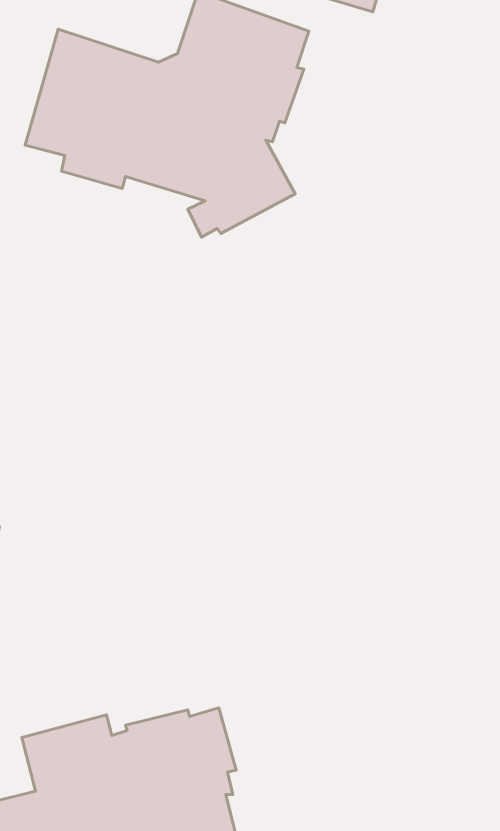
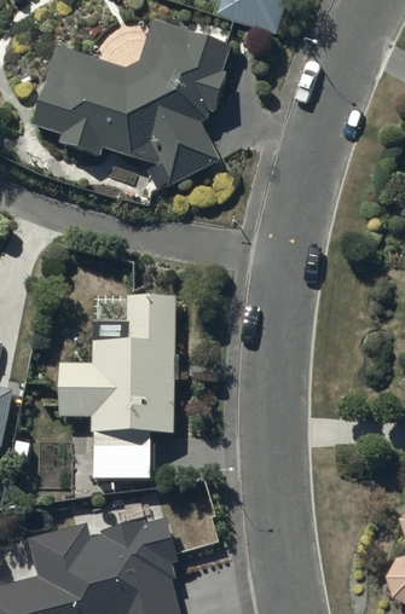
building: none -> [60,296,174,479]

